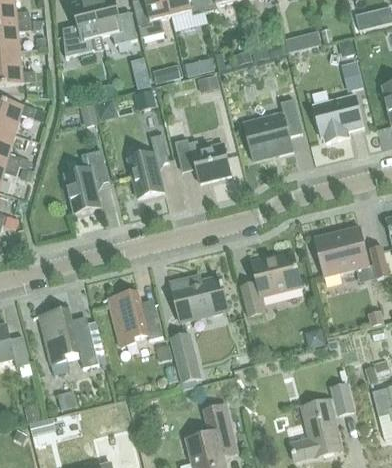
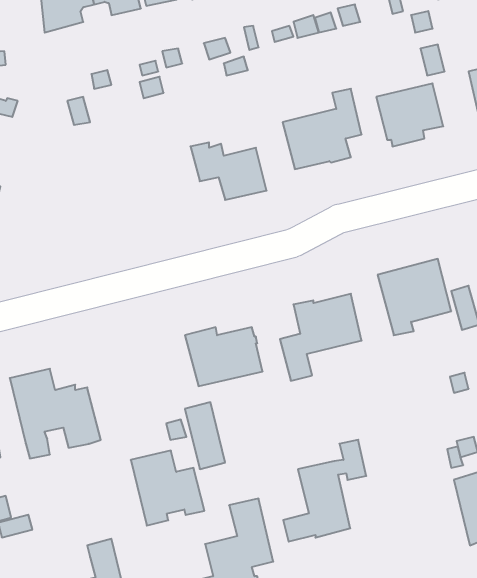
building: [127,133,169,197] -> none
building: [64,149,109,213] -> none
building: [108,290,163,346] -> [131,451,204,526]
building: [290,383,352,459] -> [283,440,366,542]

